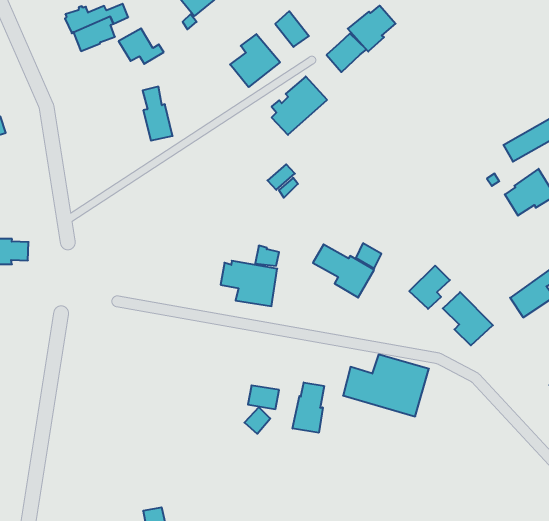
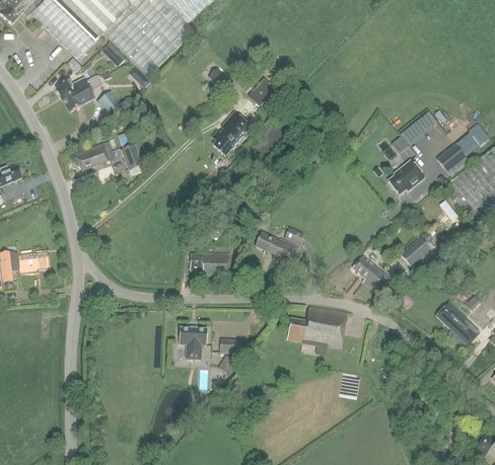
building: [348,6,396,52] -> none
building: [230,34,280,87] -> none
building: none -> [75,141,110,169]
building: [409,266,450,309] -> none
building: none -> [179,325,207,358]
building: [293,382,324,433] -> none

